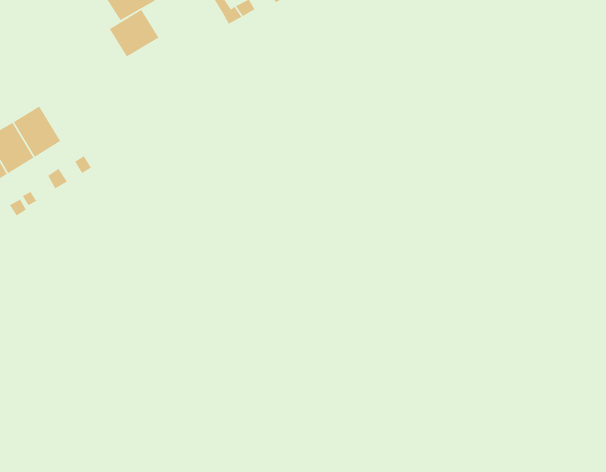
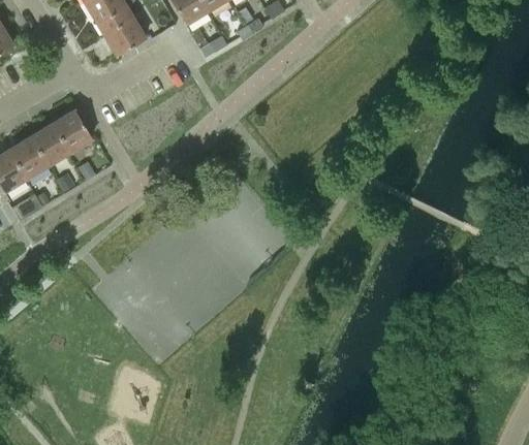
building: [109,9,159,58] -> none
building: none -> [52,109,92,152]

